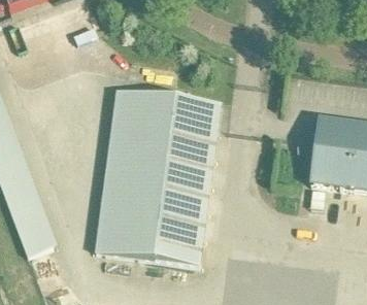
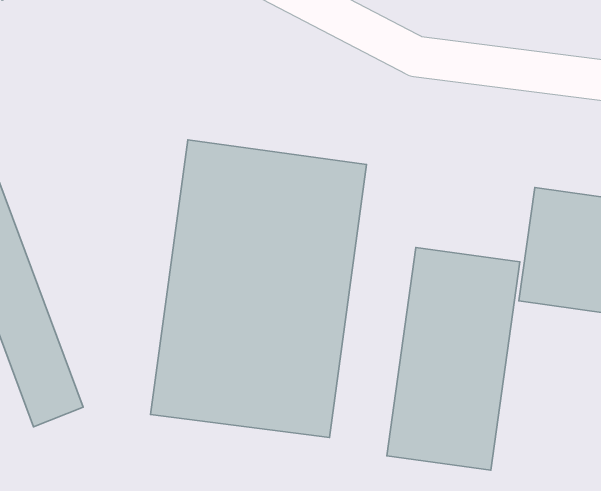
building: none -> [387,247,520,470]

